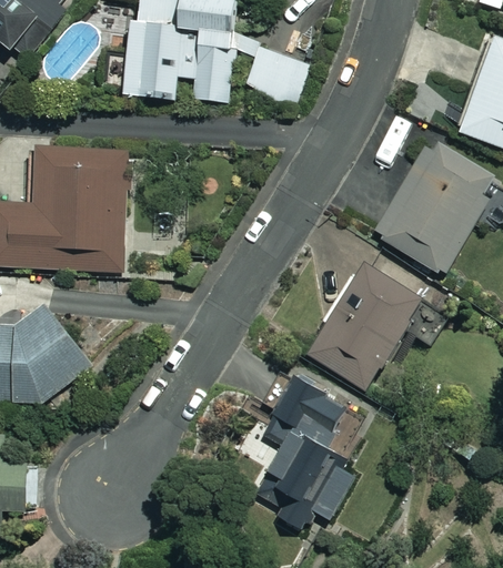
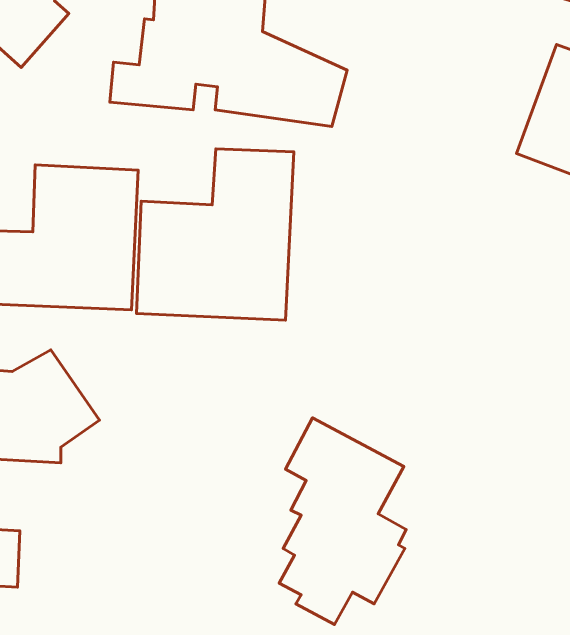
building: none -> [136,149,294,320]
building: [372,142,491,273] -> none
building: [306,268,418,392] -> none

